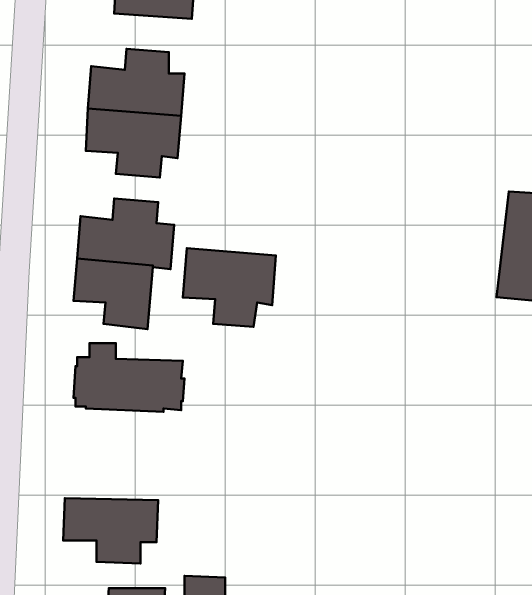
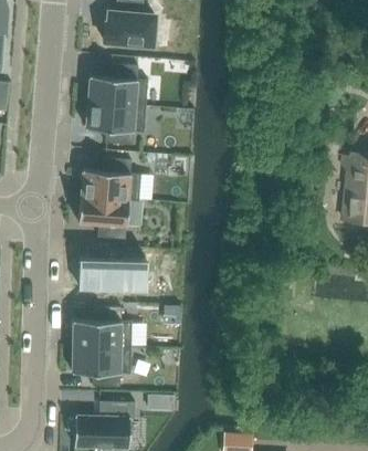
building: [183,248,276,327] -> none
building: none -> [73,307,133,347]

